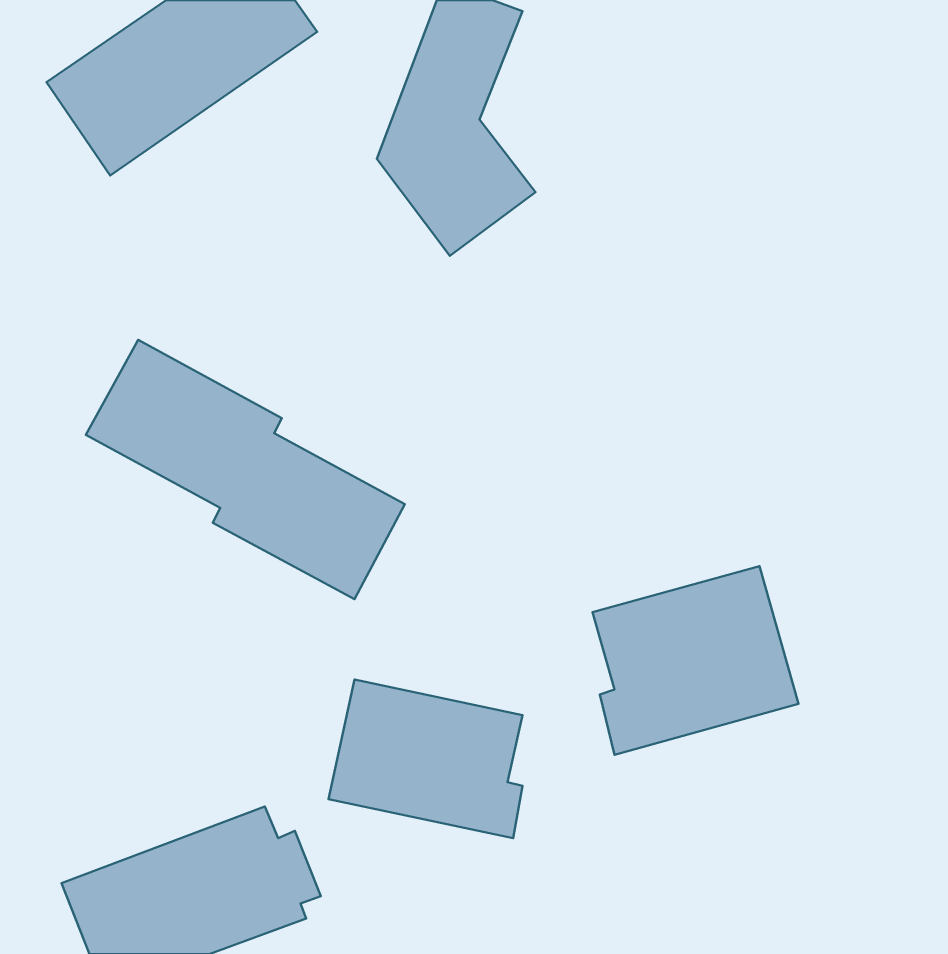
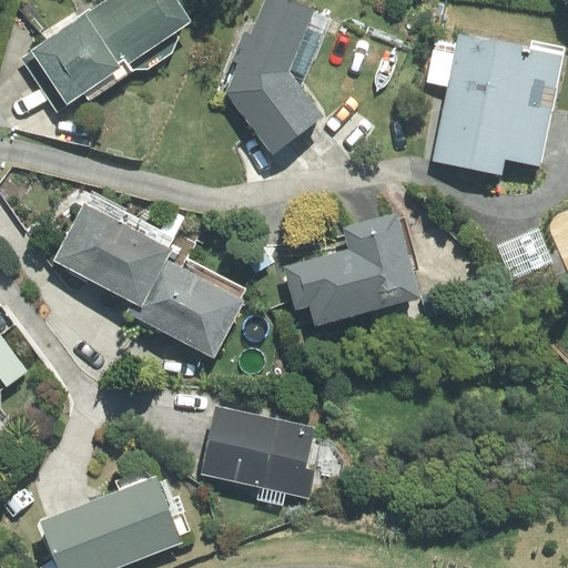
building: none -> [432,33,561,174]
building: none -> [285,211,419,324]
building: [592,566,798,755] -> none

